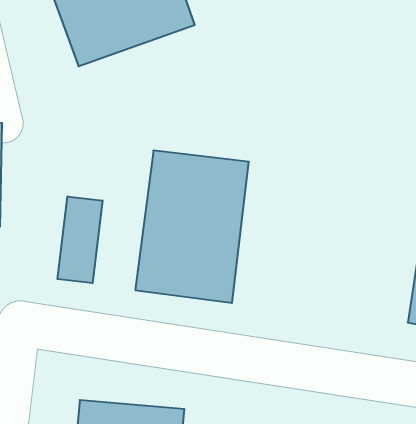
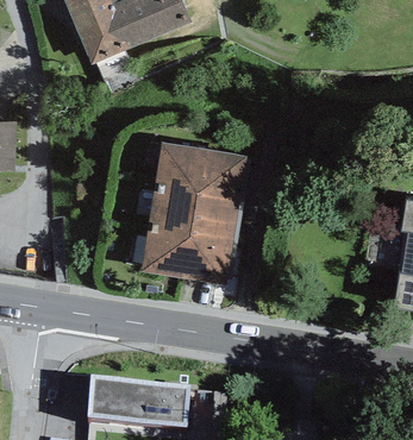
building: [57,196,102,283] -> none

